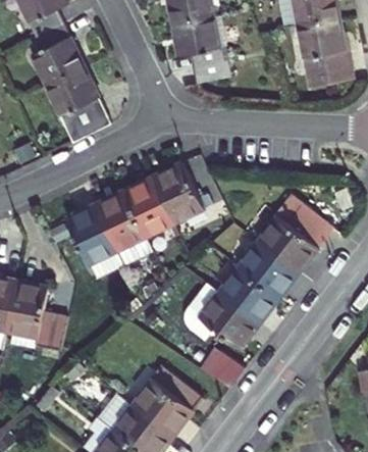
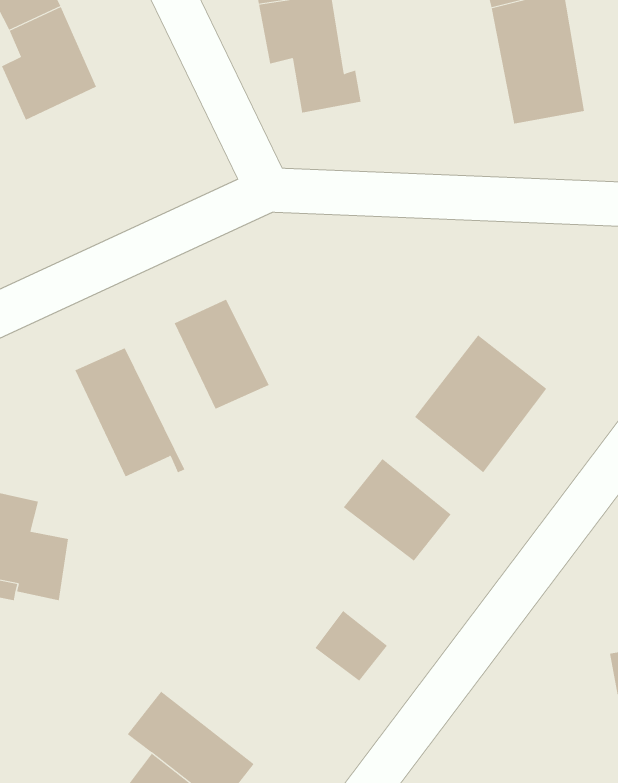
building: [45,64,108,139] -> none
building: [154,166,206,227] -> none
building: [99,193,158,272] -> none
building: [239,244,294,297] -> none
building: [178,283,256,346] -> none
building: [132,366,198,433] -> none

